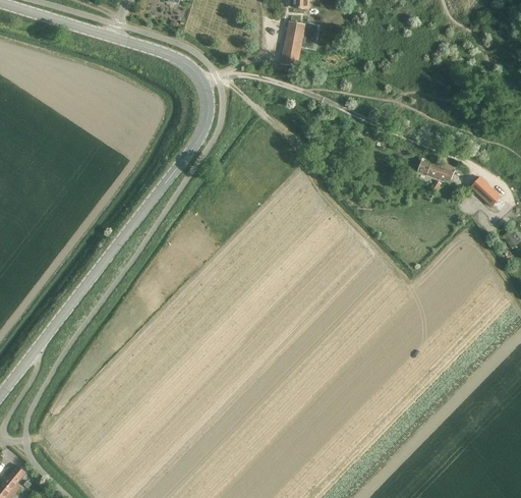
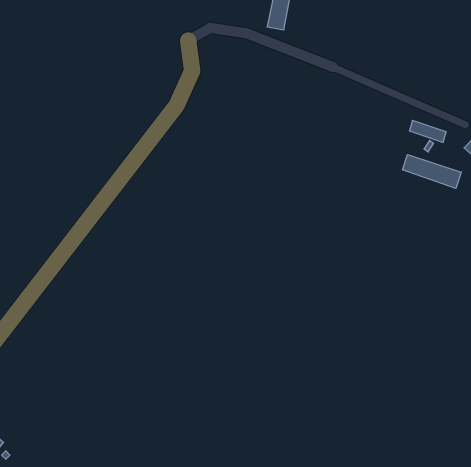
building: none -> [403,155,461,188]

